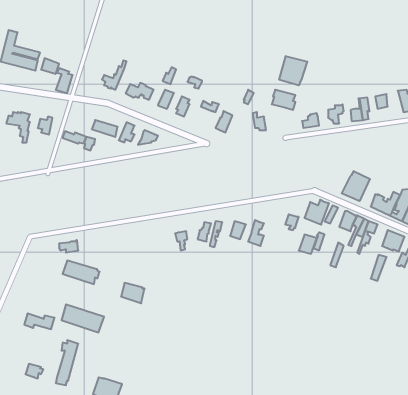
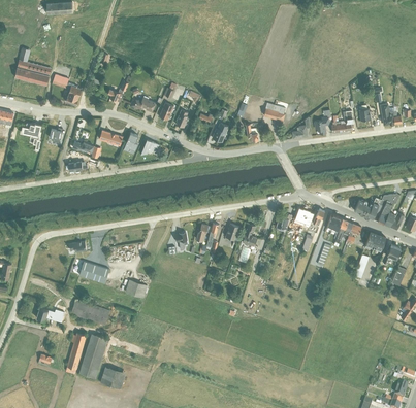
building: [279,56,307,85] -> none
building: [342,171,370,201] -> none
building: none -> [79,333,108,377]

